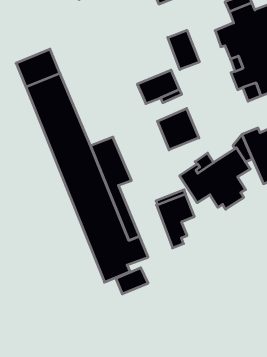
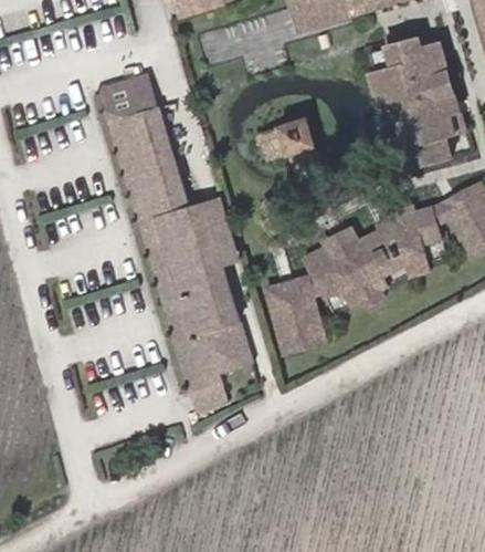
building: [168,30,199,70] -> none
building: [157,108,199,150] -> none

